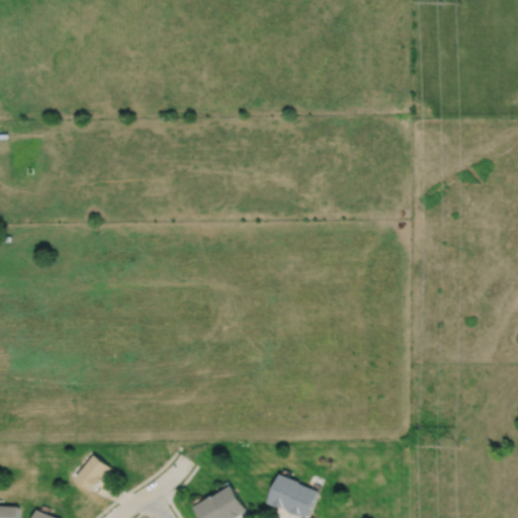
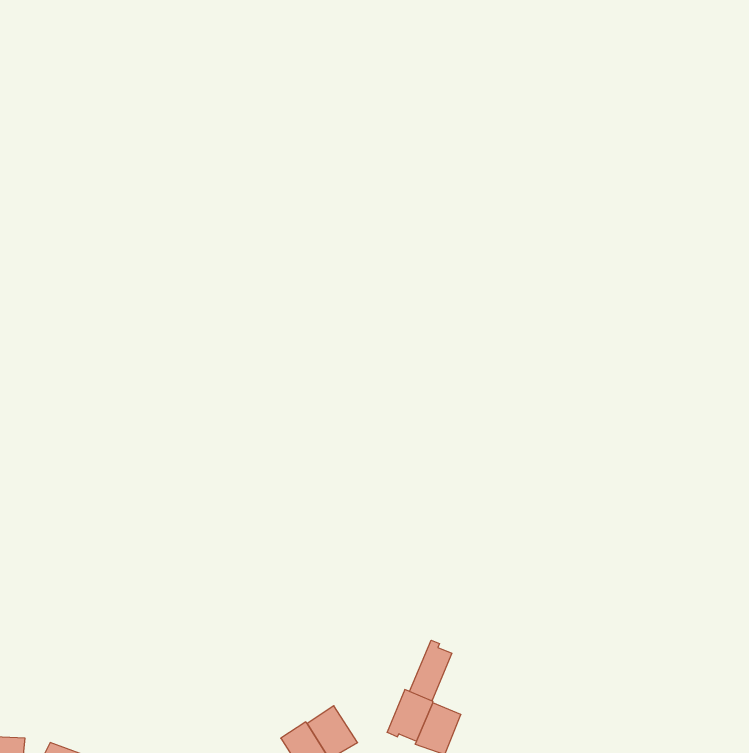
building: none -> [409,640,452,701]
building: [75,455,109,492] -> none

